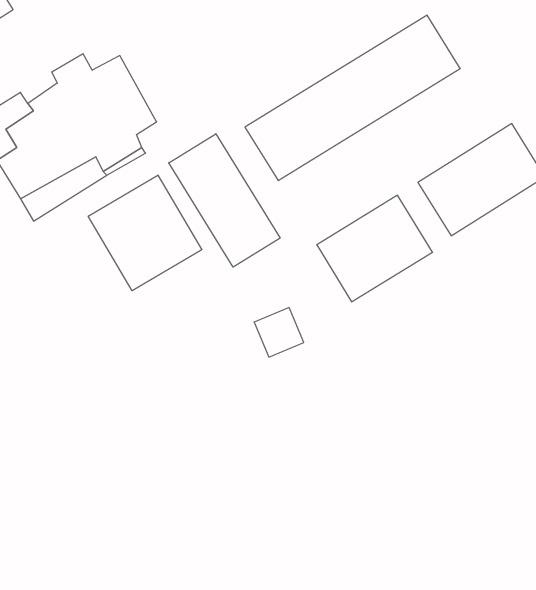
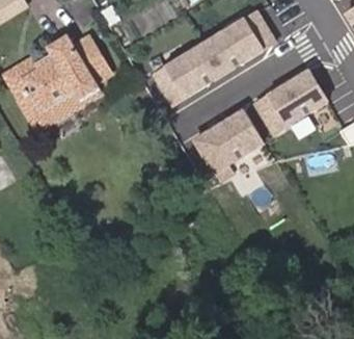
building: [169,134,280,267] -> none
building: [88,175,202,291] -> none

